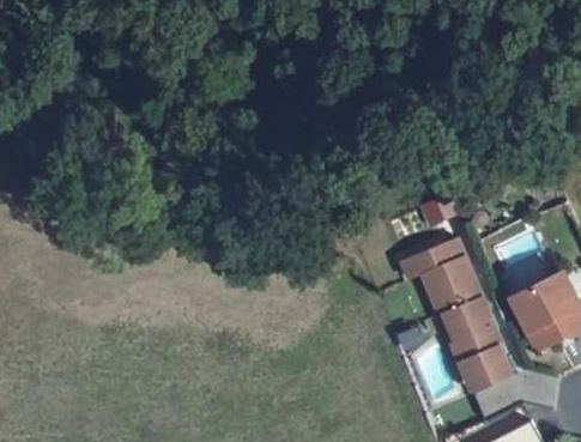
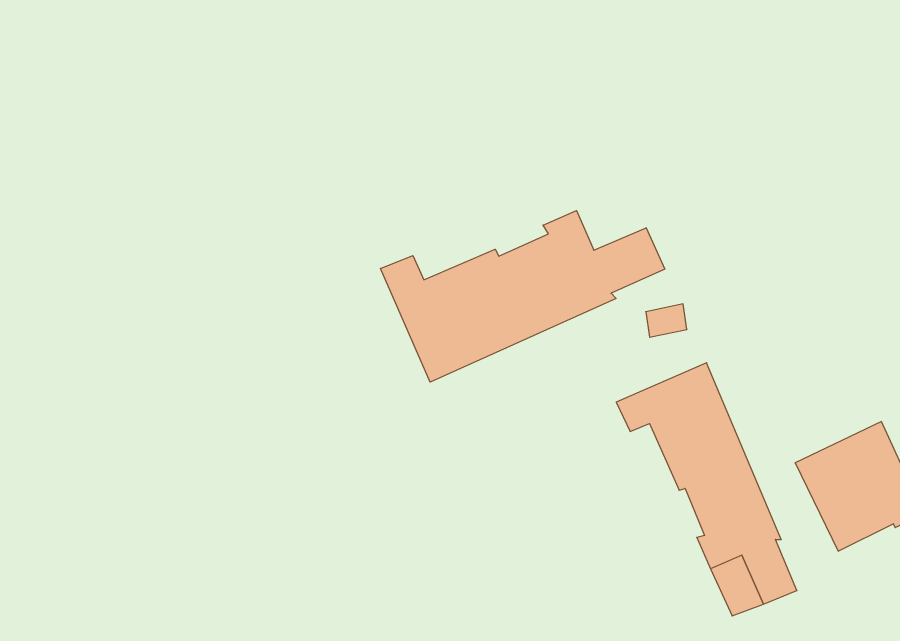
building: none -> [381,211,665,382]

